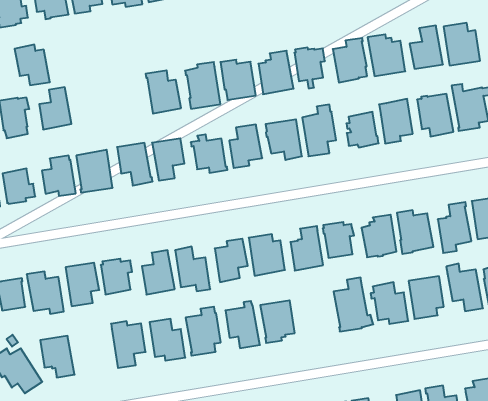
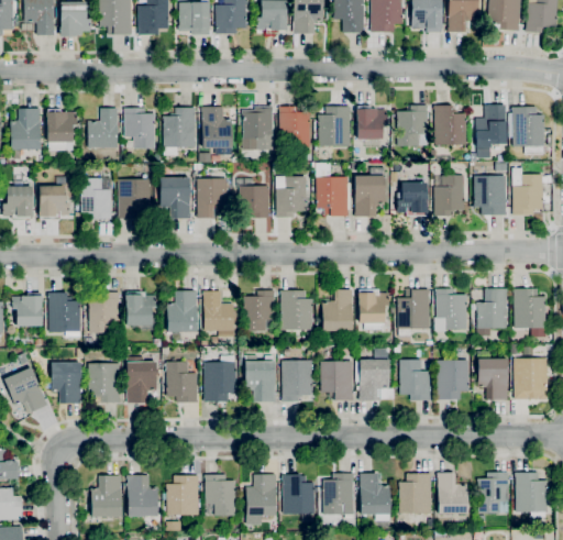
building: [15,45,50,85] -> [124,107,155,147]
building: none -> [163,107,196,154]
building: none -> [320,361,353,400]
building: none -> [88,352,120,403]

